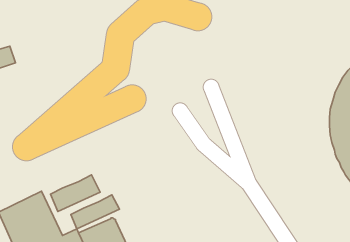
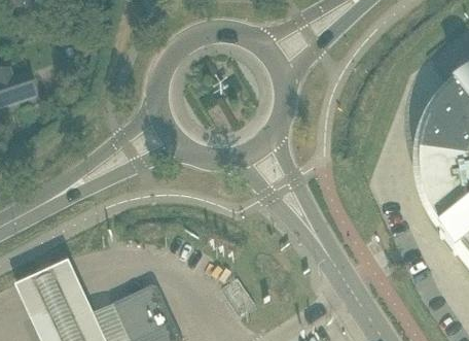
building: [50,175,100,211] -> none
building: [71,195,119,229] -> none

